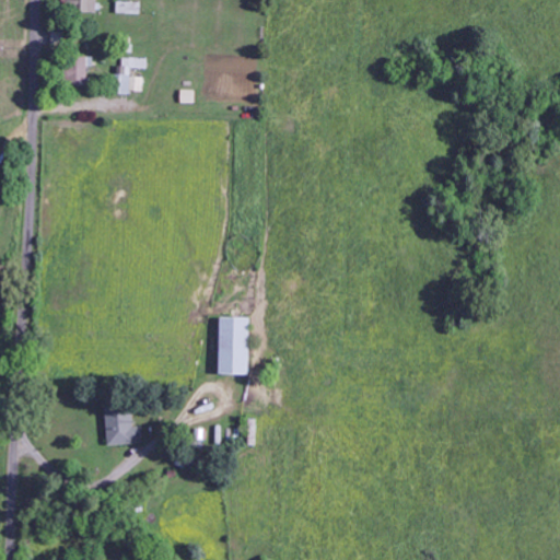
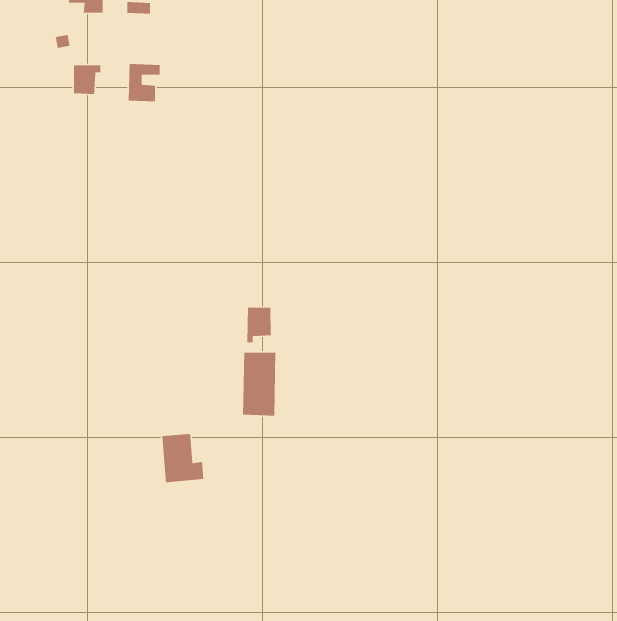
building: none -> [247,307,272,343]
building: [103,400,141,445] -> [162,433,204,483]

